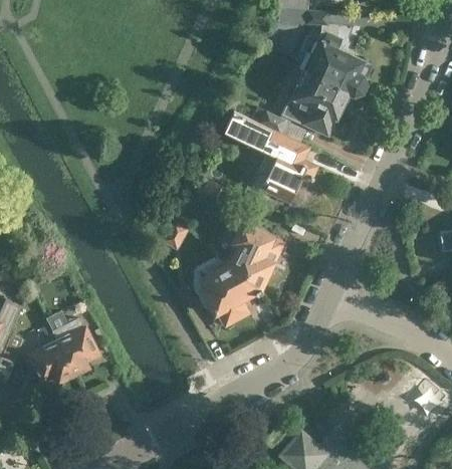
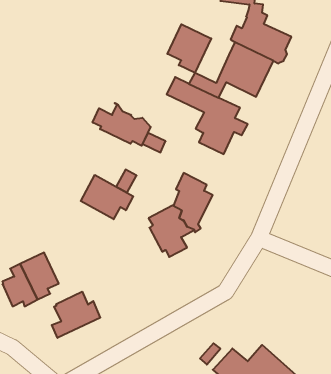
building: none -> [167,24,211,73]
building: none -> [93,103,151,146]
building: none -> [81,175,133,219]
building: none -> [52,292,100,338]

